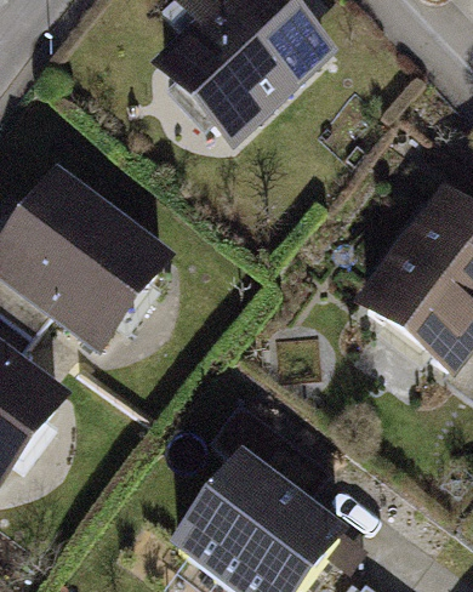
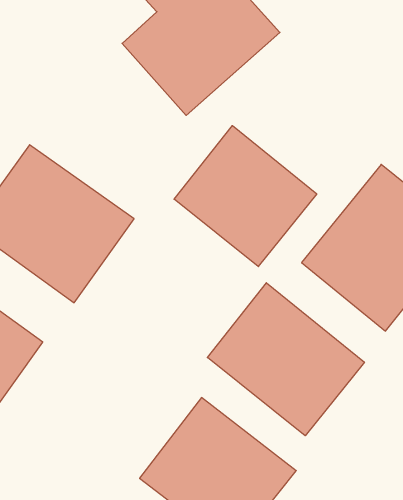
building: none -> [174,126,317,267]
building: none -> [207,283,364,436]

